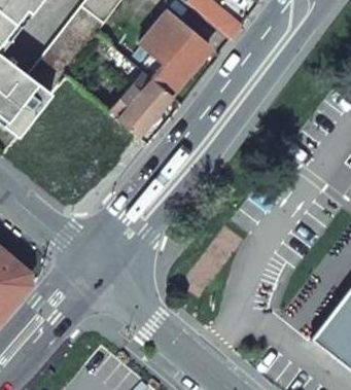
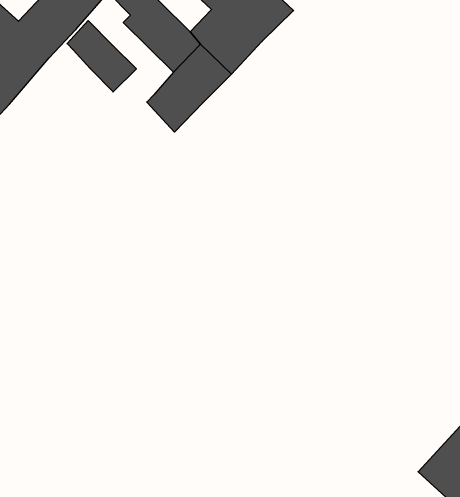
building: none -> [67,21,136,92]

